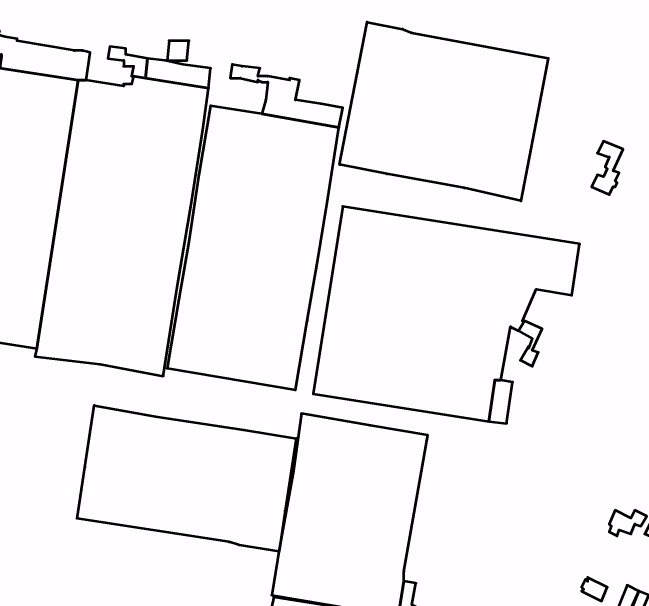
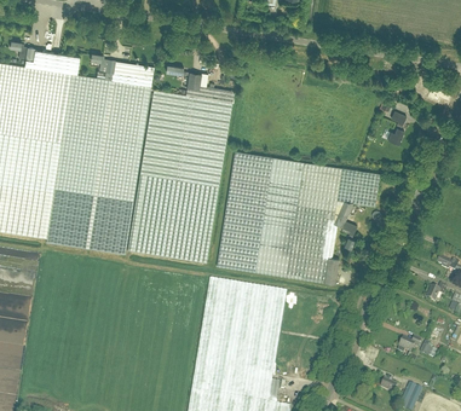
building: [340,22,548,201] -> none
building: [77,405,296,551] -> none

